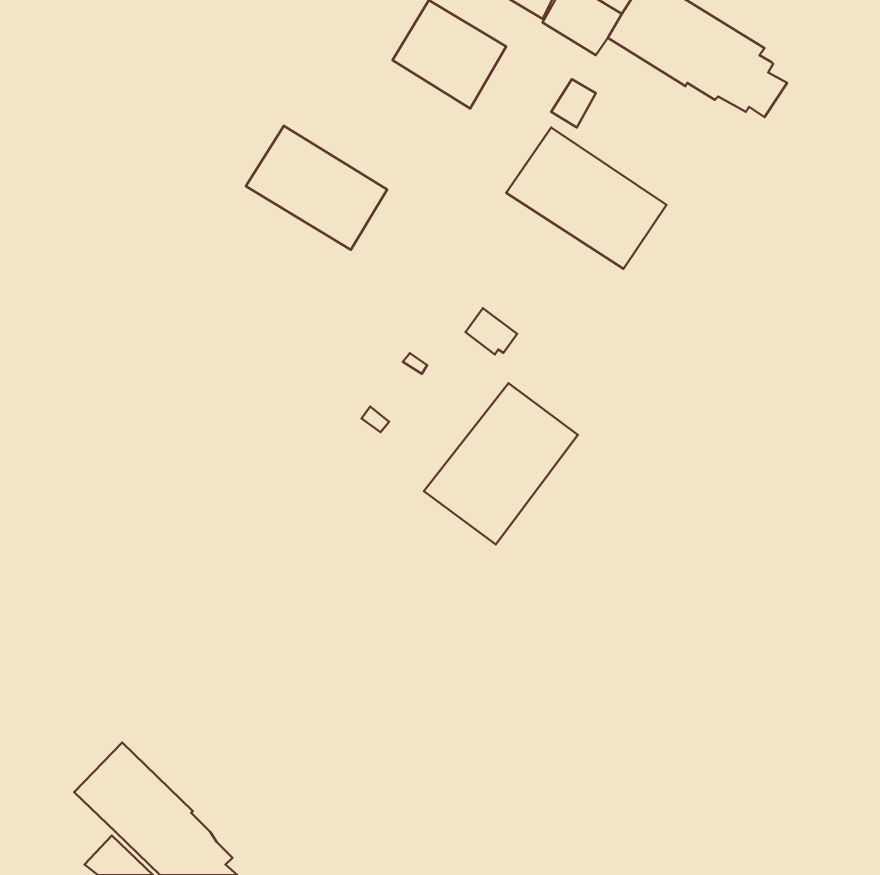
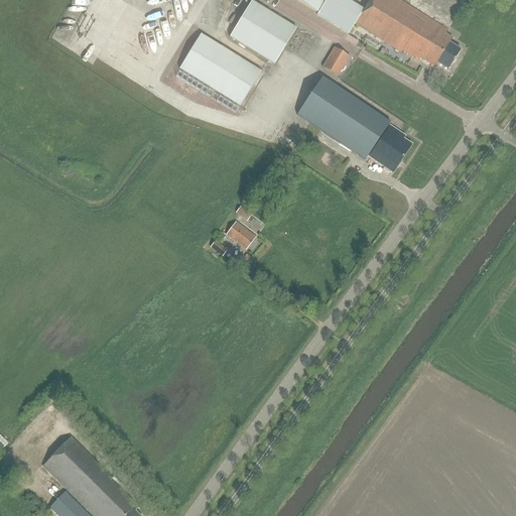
building: [246,126,387,250] -> [178,32,261,105]
building: none -> [366,121,412,171]
building: [466,308,517,355] -> [226,219,256,246]
building: [424,383,578,544] -> none

